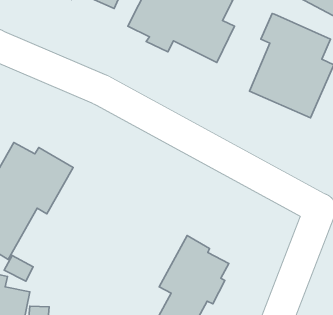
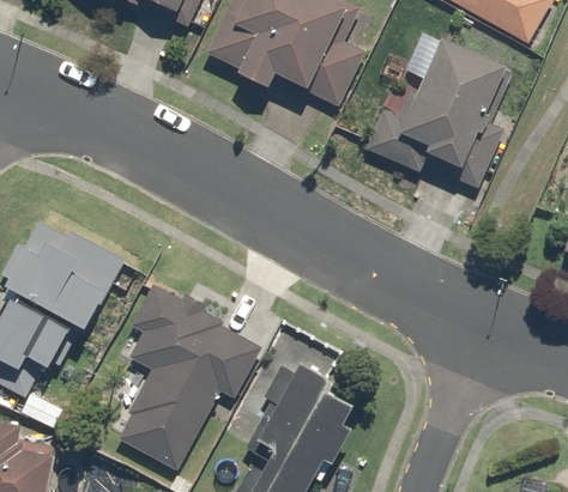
building: none -> [113,281,264,468]

